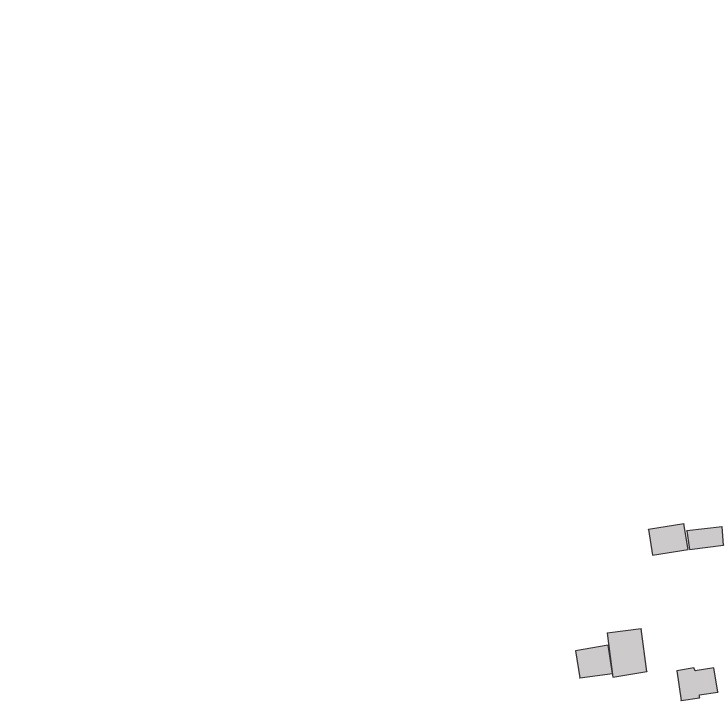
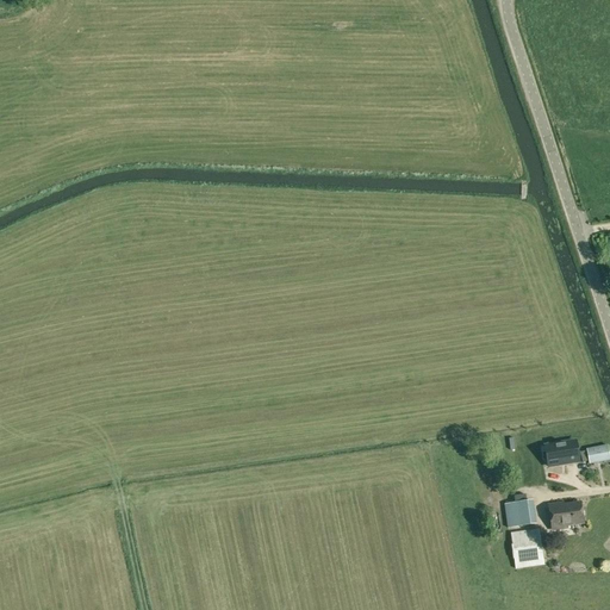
building: [576,645,612,678] -> [504,499,535,527]
building: [677,668,718,701] -> [548,502,583,529]

